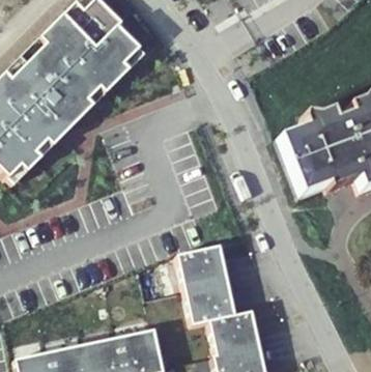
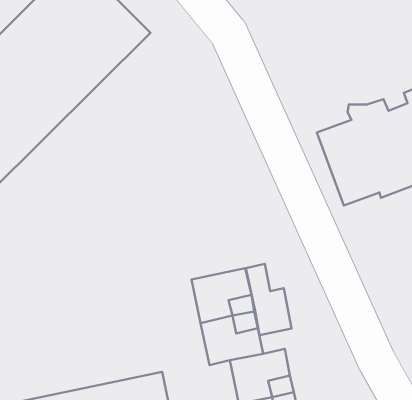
building: none -> [246,264,291,335]

